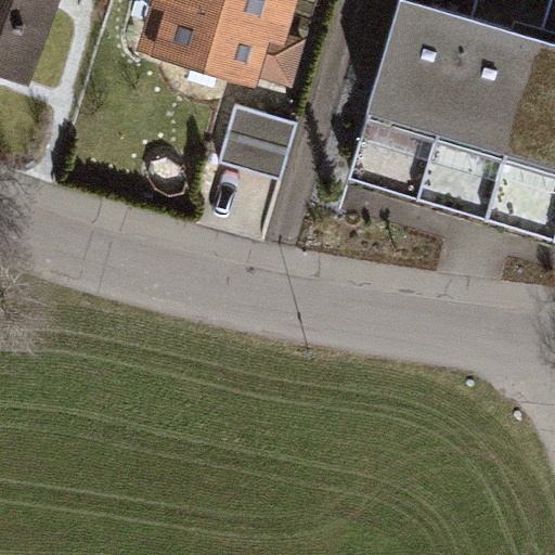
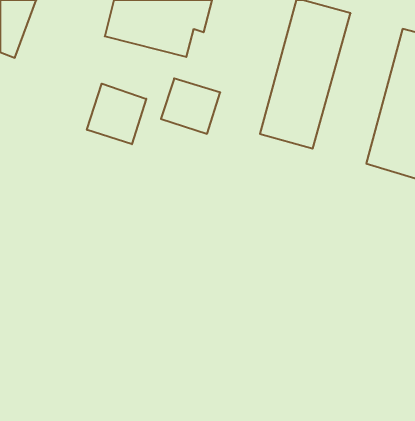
building: [420,18,538,216] -> none
building: none -> [87,84,146,144]

